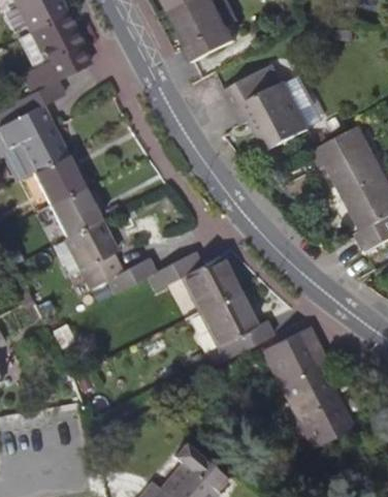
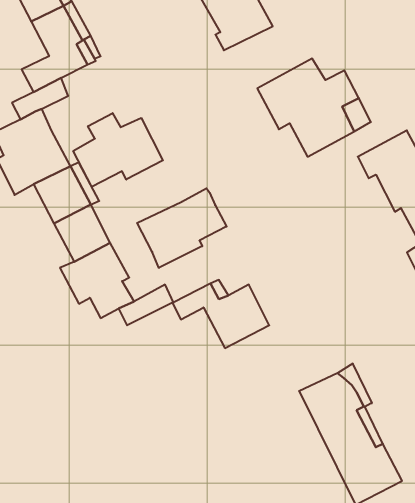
building: none -> [73,113,163,187]
building: none -> [137,188,227,268]
building: [199,293,272,358] -> none

